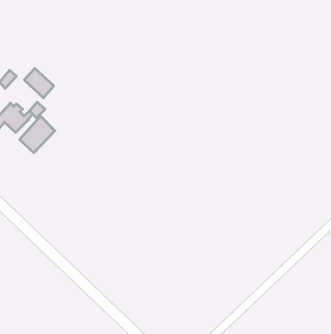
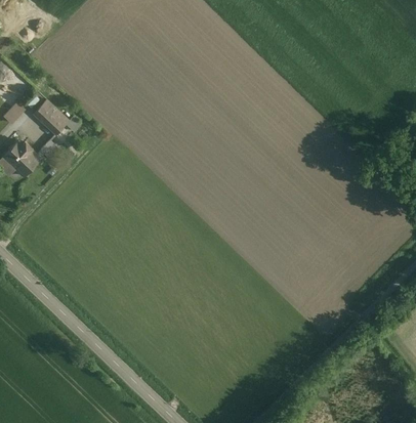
building: [20,116,55,153] -> none

